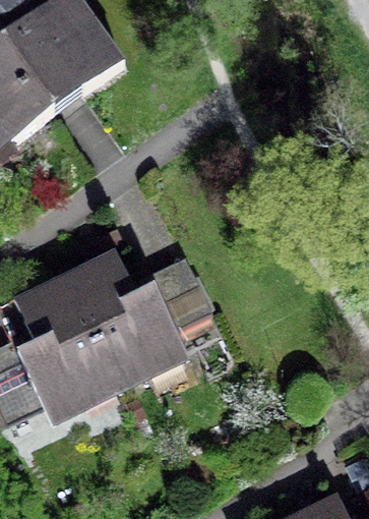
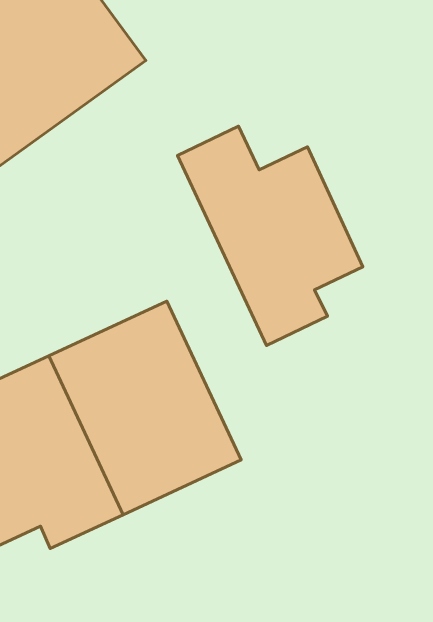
building: none -> [178,126,363,345]

